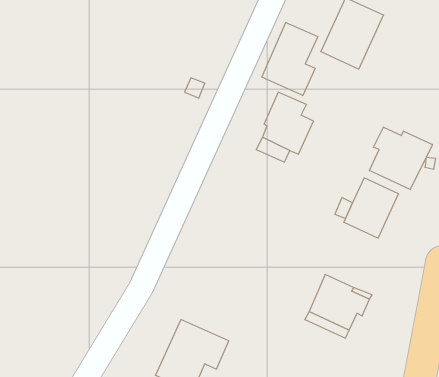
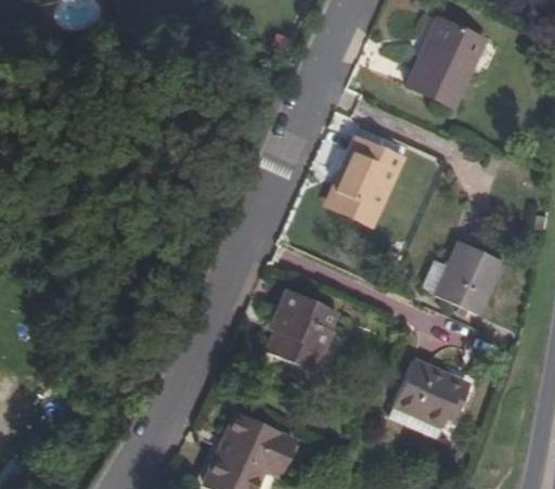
building: [262,22,318,96] -> none
building: [369,127,432,190] -> none
building: none -> [264,287,339,372]

